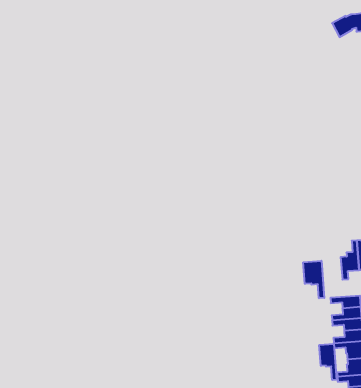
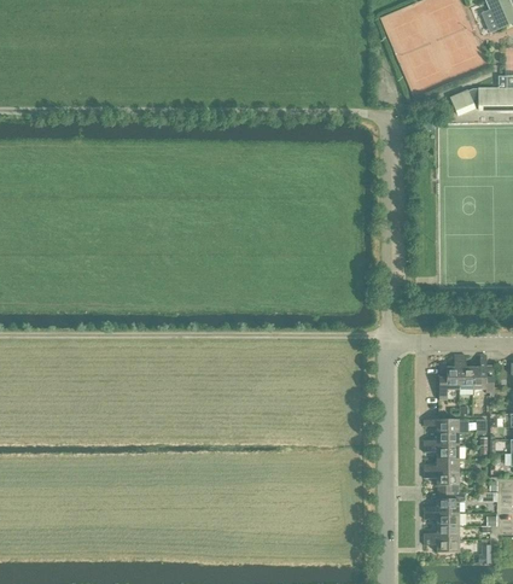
building: [303,261,324,298] -> none
building: [319,344,337,380] -> none

